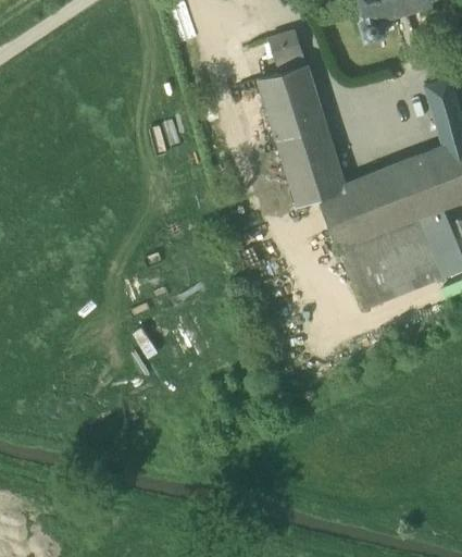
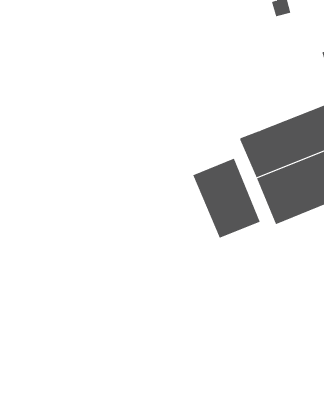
building: [258,32,344,206] -> none
building: none -> [193,158,260,238]

